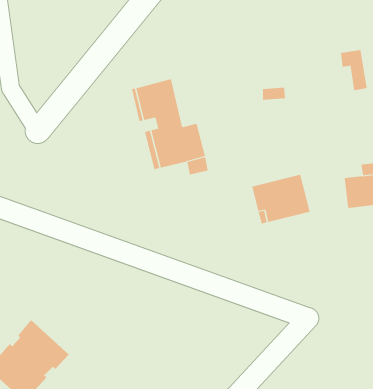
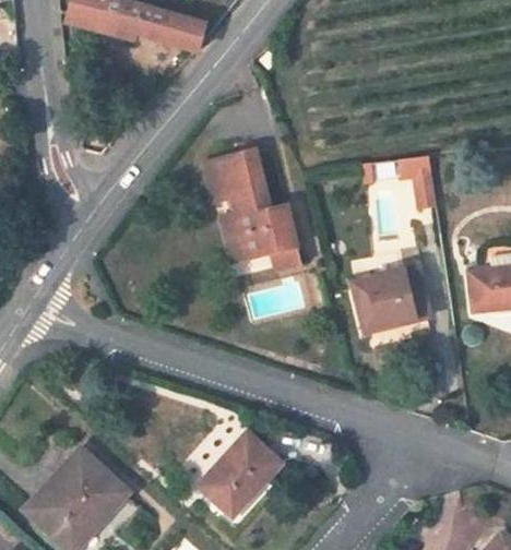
building: [340,49,367,91] -> [401,157,435,208]
building: none -> [200,435,278,513]

